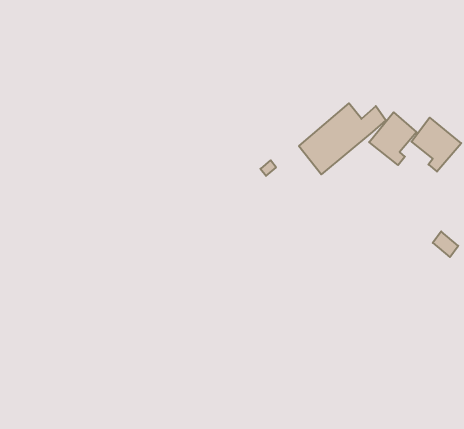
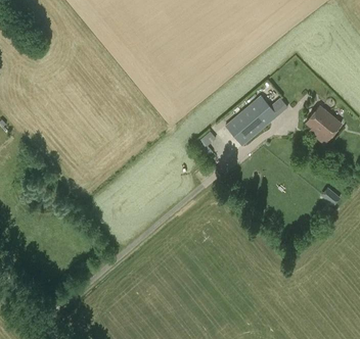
building: [369,112,416,165] -> none

